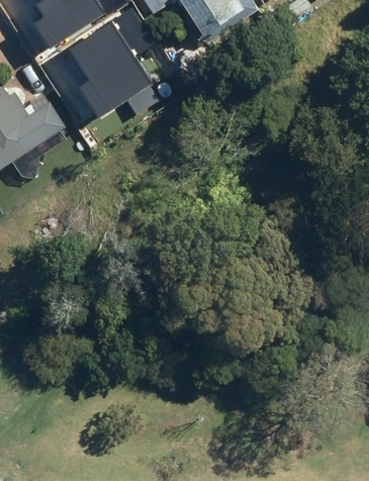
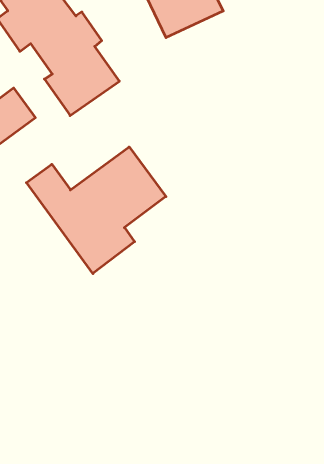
building: none -> [26,147,166,274]

